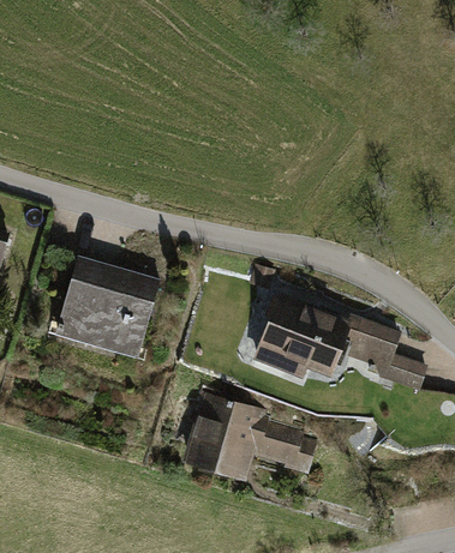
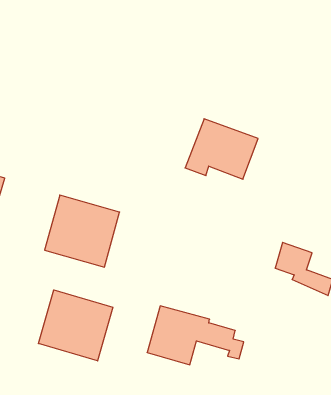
building: [255,296,347,373] -> [185,119,258,179]
building: none -> [38,290,113,361]

